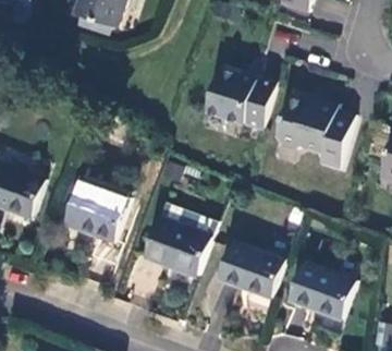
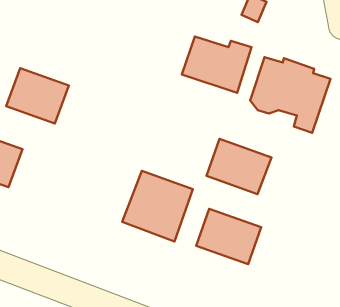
building: [63,189,126,244] -> [6,68,69,123]
building: [290,262,355,317] -> [206,139,272,194]

